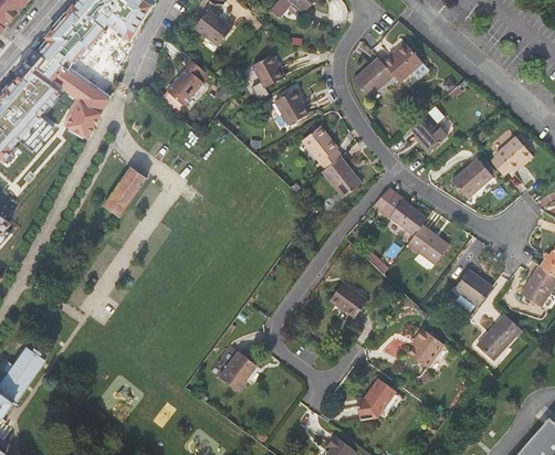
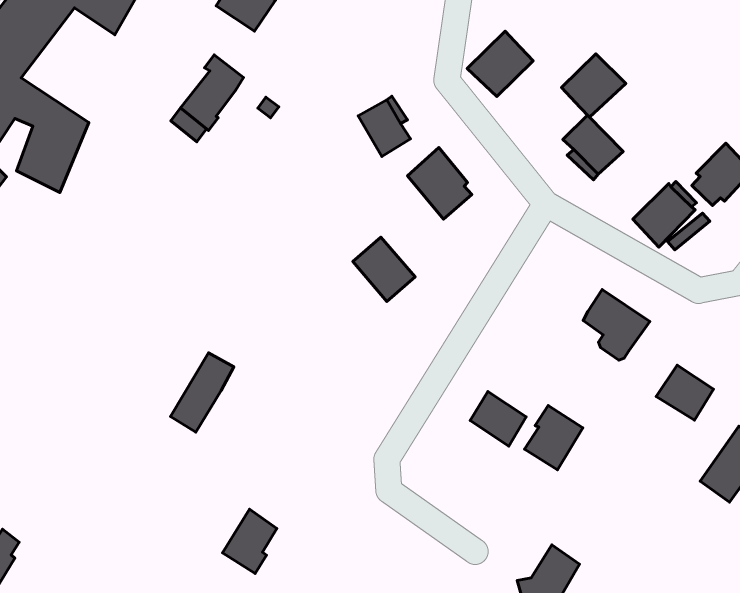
building: [379,42,420,82] -> [561,54,626,117]
building: [250,54,283,87] -> none
building: [327,157,366,198] -> [353,237,415,301]
building: [104,166,146,215] -> [170,353,234,432]
building: [374,186,429,235] -> none
building: [411,329,449,370] -> [525,405,583,470]
building: [221,355,256,395] -> [222,509,277,574]

